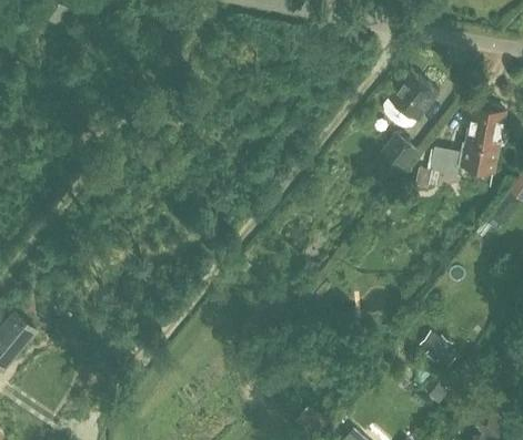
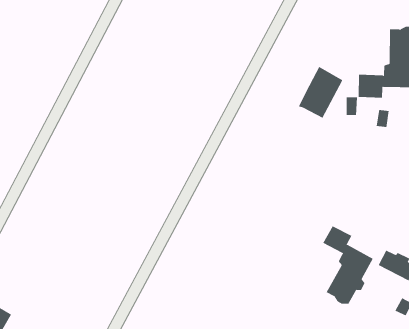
building: [385,71,440,129] -> none
building: none -> [323,225,373,305]

